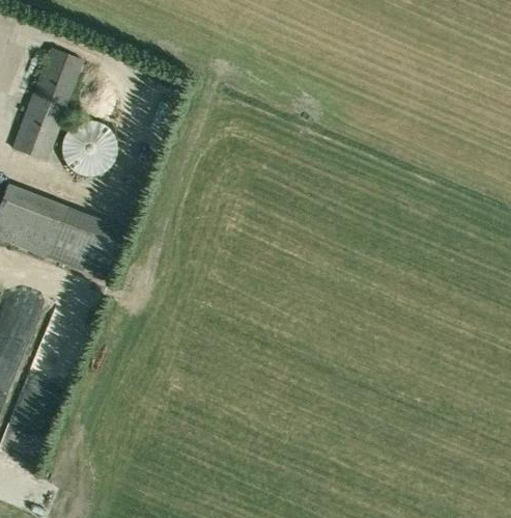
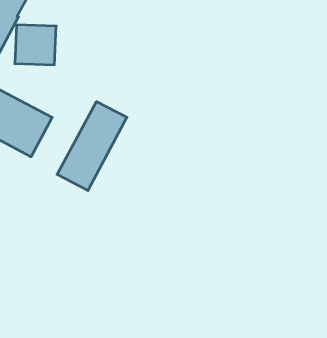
building: none -> [57,102,127,191]

